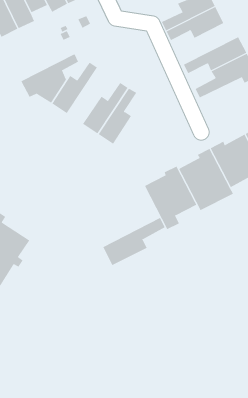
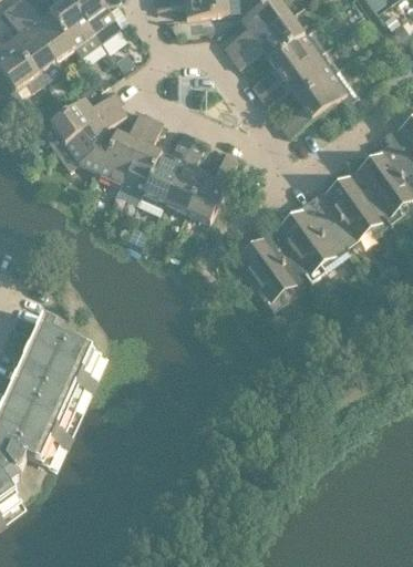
building: none -> [251,29,324,95]
building: none -> [40,90,123,150]
building: none -> [121,116,163,192]
building: none -> [186,150,239,221]
building: [103,217,166,266] -> none

